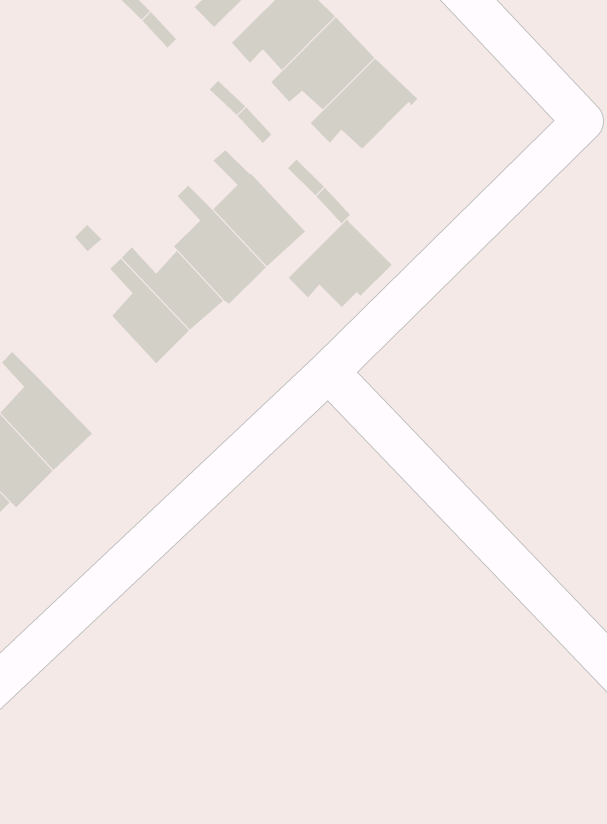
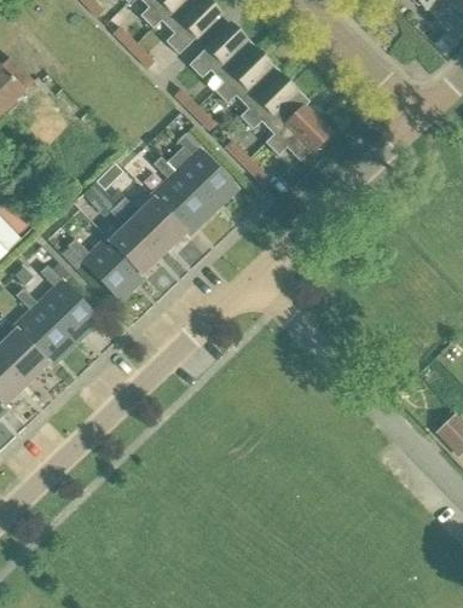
building: [288,218,392,308] -> [265,103,332,161]
building: none -> [66,237,144,300]

